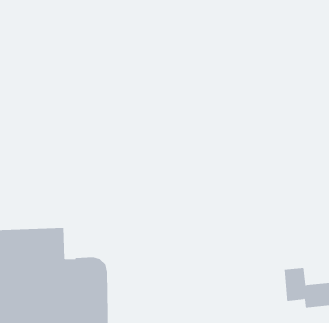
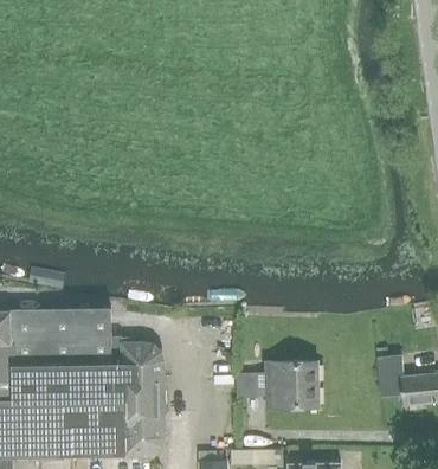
building: none -> [236,361,318,409]

